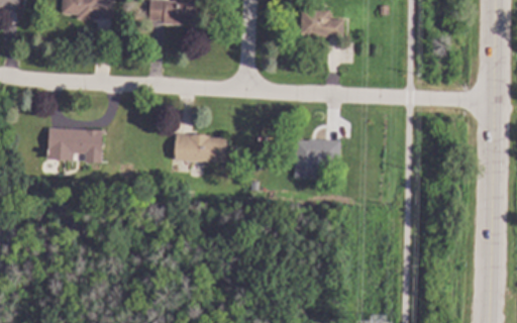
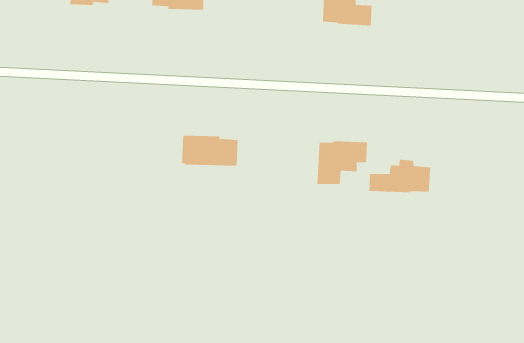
building: [48,128,106,163] -> none
building: none -> [369,159,431,193]

